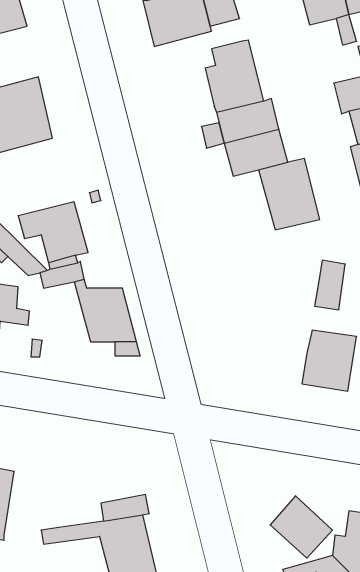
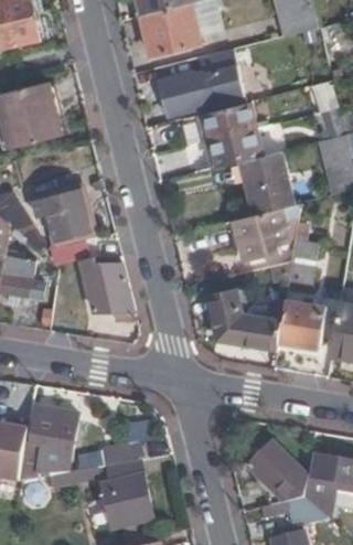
building: none -> [158,72,201,116]
building: none -> [232,203,301,259]
building: none -> [206,289,281,350]
building: none -> [33,410,74,477]

